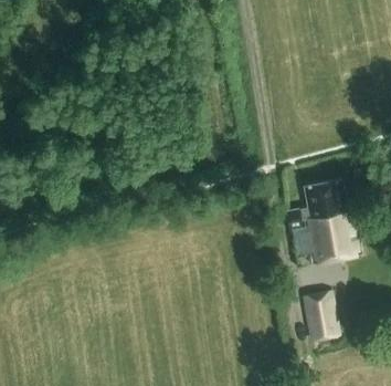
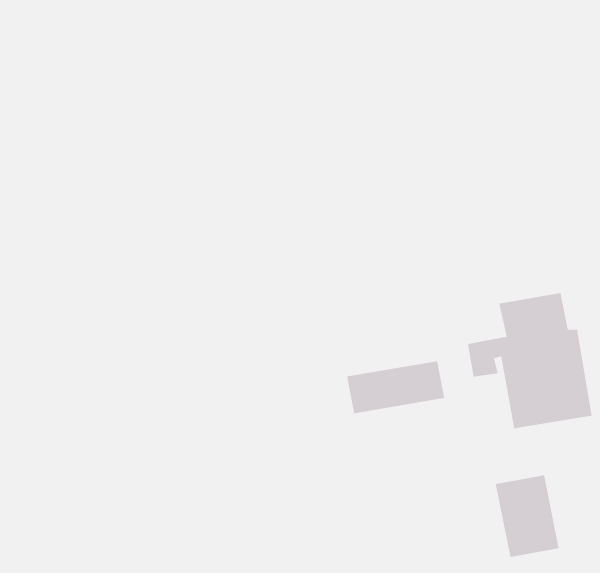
building: none -> [346,360,445,414]

